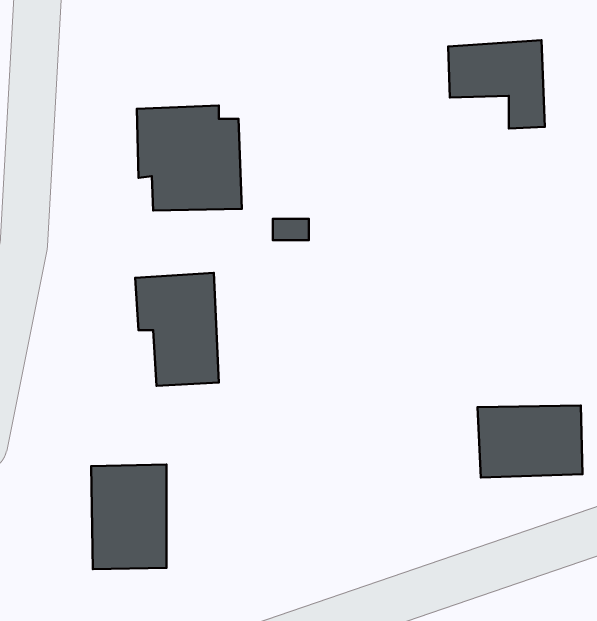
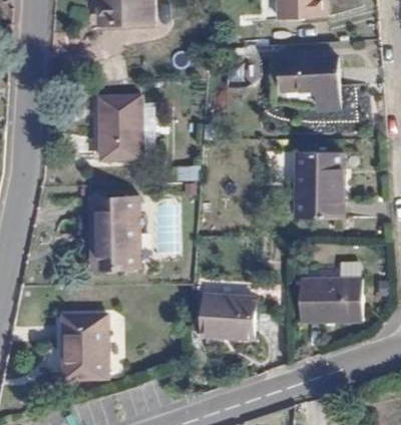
building: none -> [295,152,342,219]
building: none -> [202,296,255,339]

